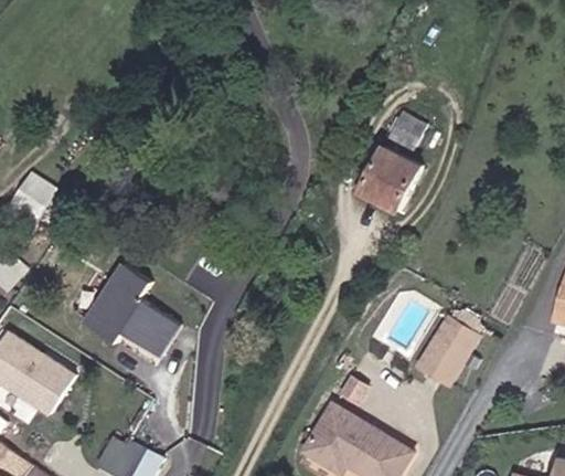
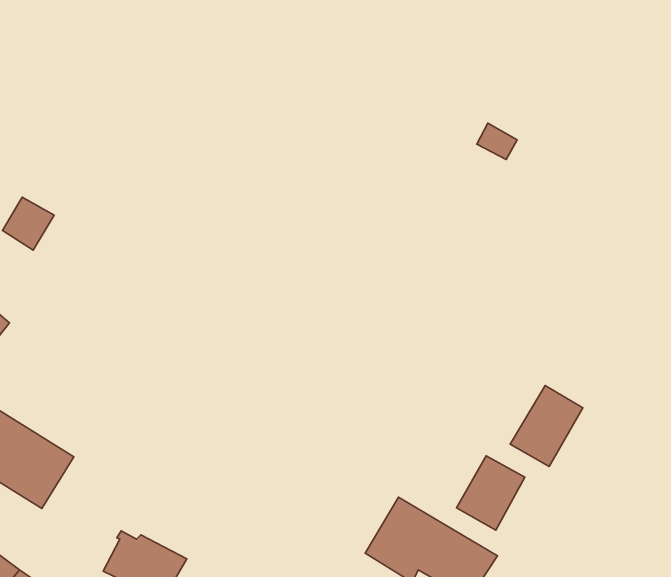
building: [360,147,420,210] -> none
building: [82,263,175,356] -> none
building: none -> [456,456,525,530]

